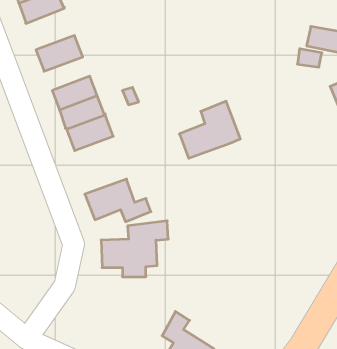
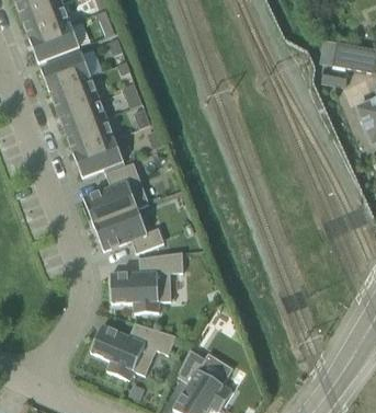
building: none -> [29,23,79,62]
building: none -> [48,76,98,112]
building: [179,101,240,158] -> [82,162,148,223]
building: none -> [90,322,175,380]

